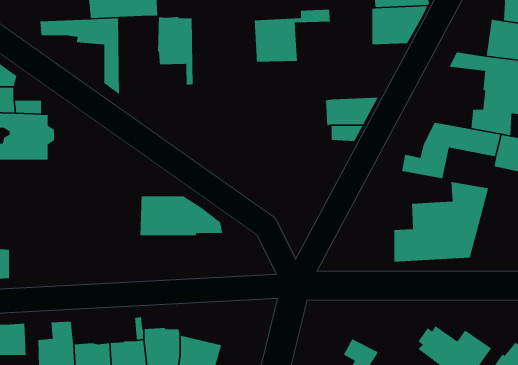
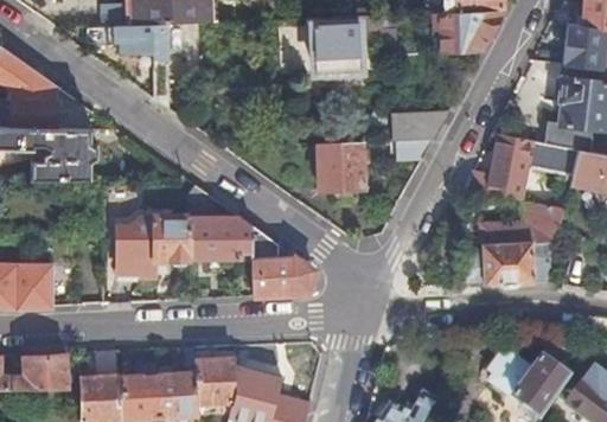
building: [157,16,193,86] -> none
building: none -> [318,140,364,190]
building: none -> [115,184,207,275]
building: none -> [251,255,313,294]

